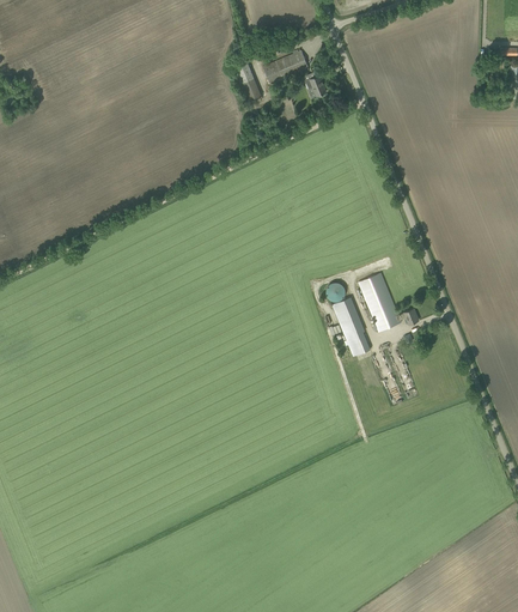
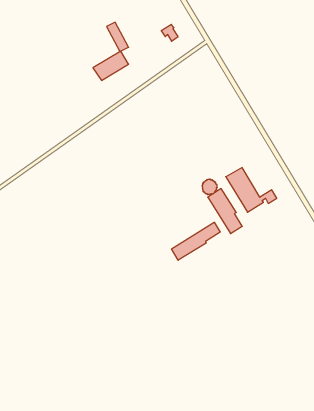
building: [263,50,310,84] -> [93,51,129,80]
building: none -> [172,222,220,260]

